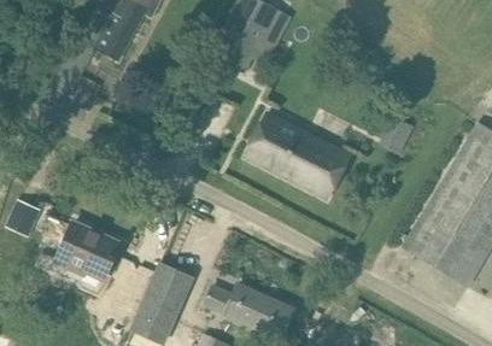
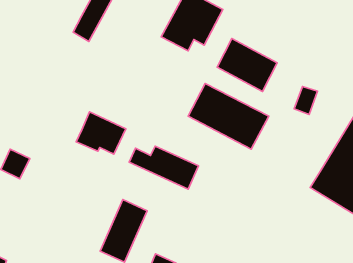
building: none -> [217,39,277,92]
building: [55,223,119,277] -> [76,112,126,154]
building: [204,283,293,339] -> [129,146,198,189]

